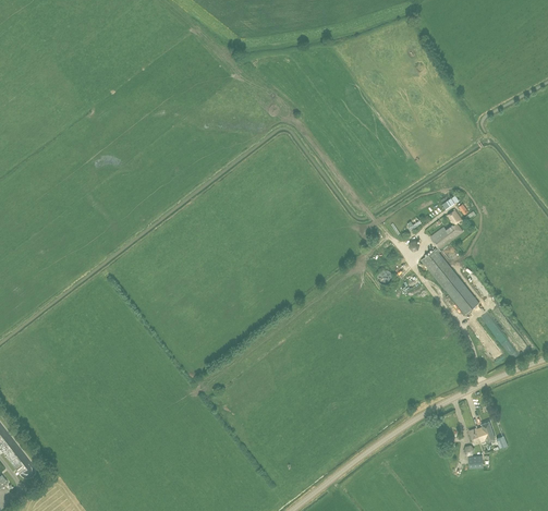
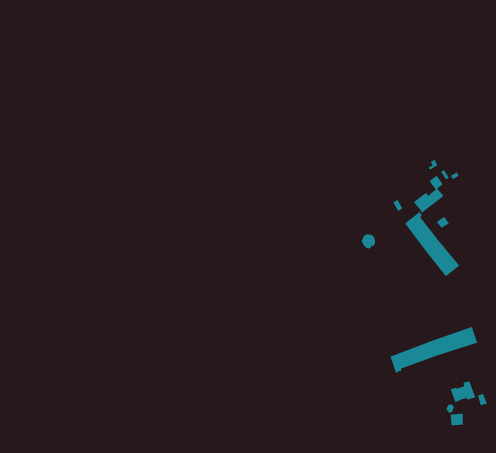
building: none -> [390,326,478,374]

